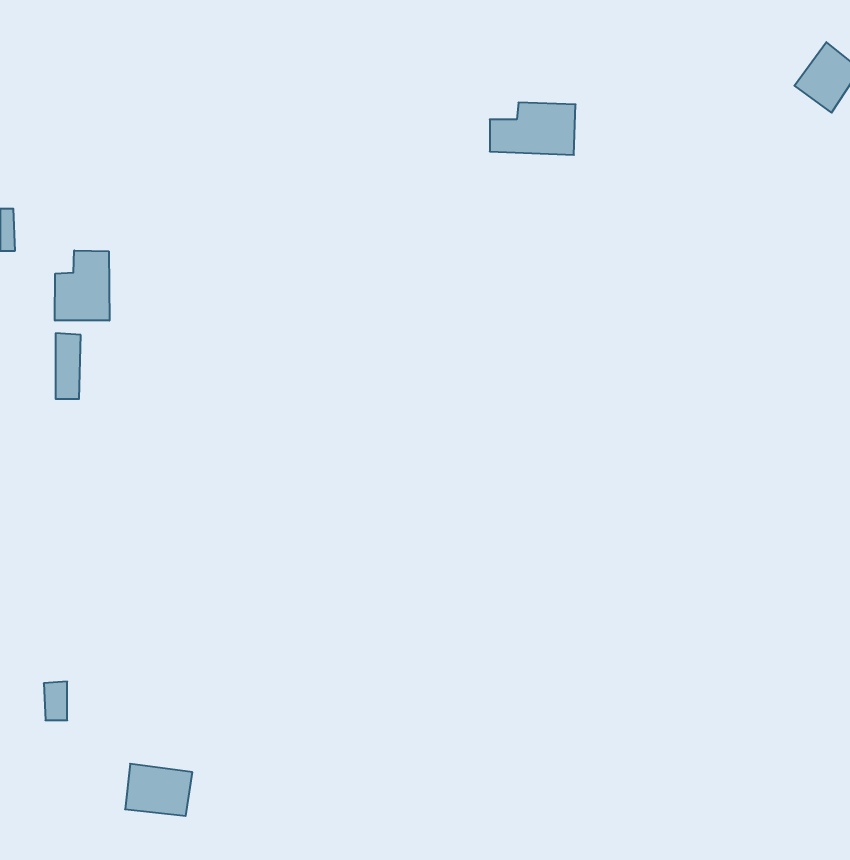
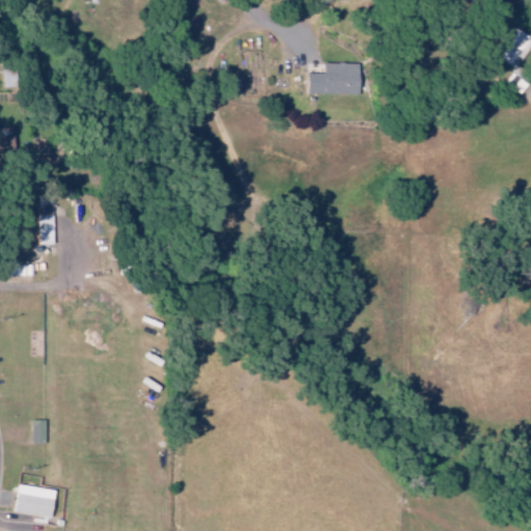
building: [55,250,109,321] -> none
building: [125,764,192,816] -> [15,485,56,518]

